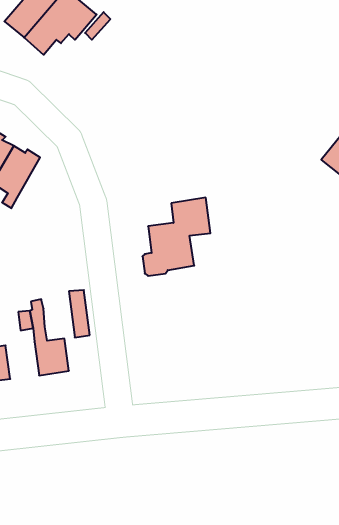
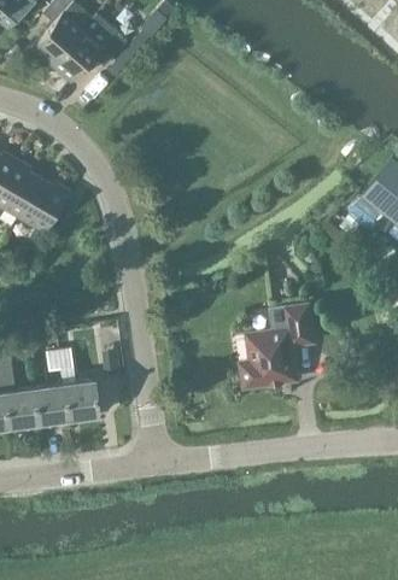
building: [142,198,210,276] -> [244,306,315,388]
building: none -> [34,386,69,424]

